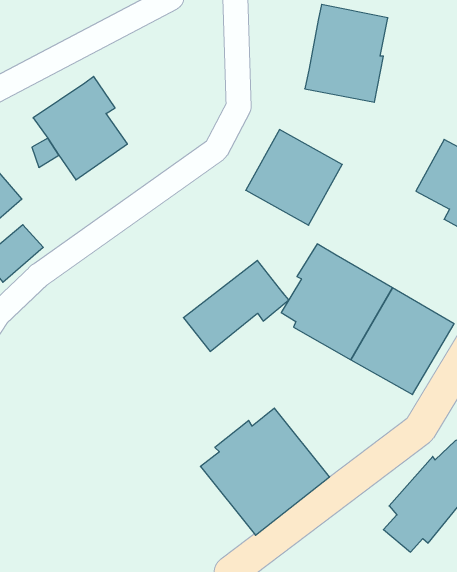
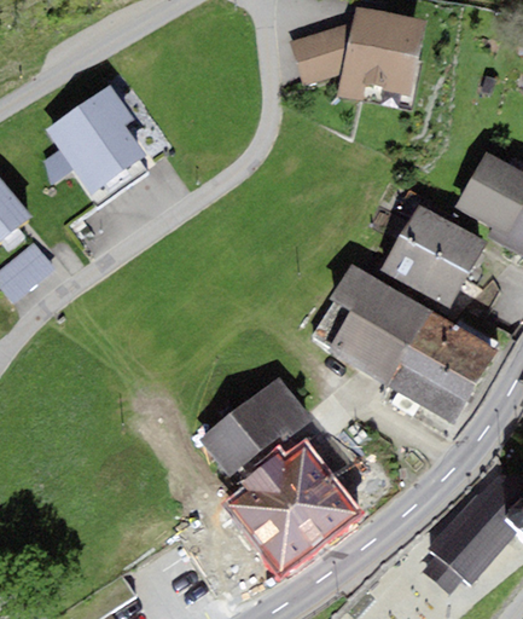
building: none -> [290,22,351,85]
building: [246,130,342,225] -> [382,204,486,307]
building: [183,260,289,351] -> [199,376,313,474]

